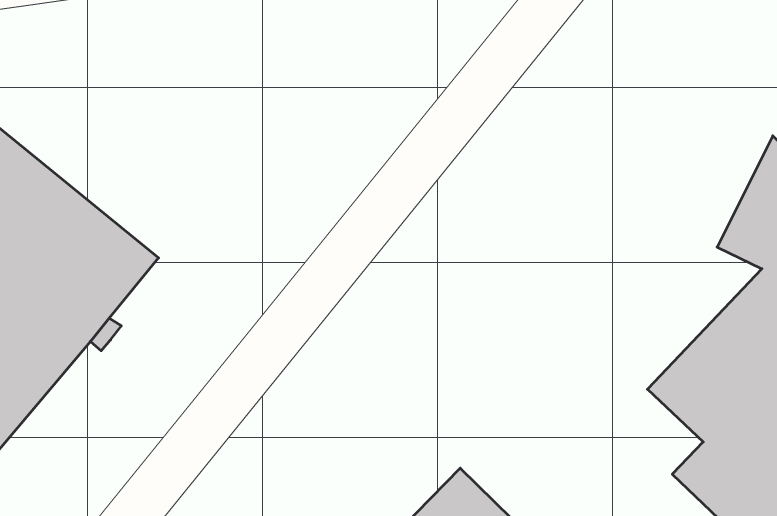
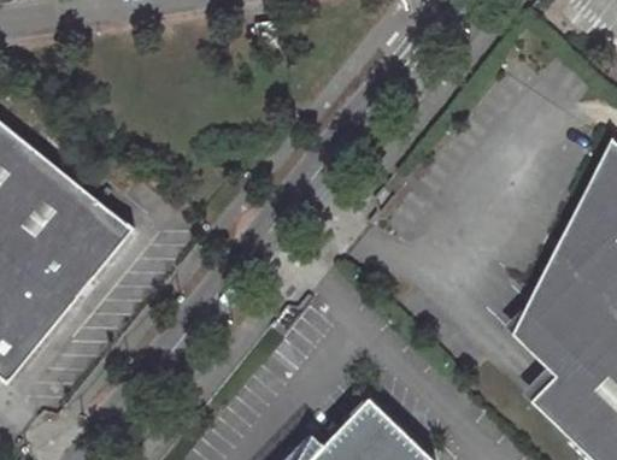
building: none -> [512,222,601,332]

